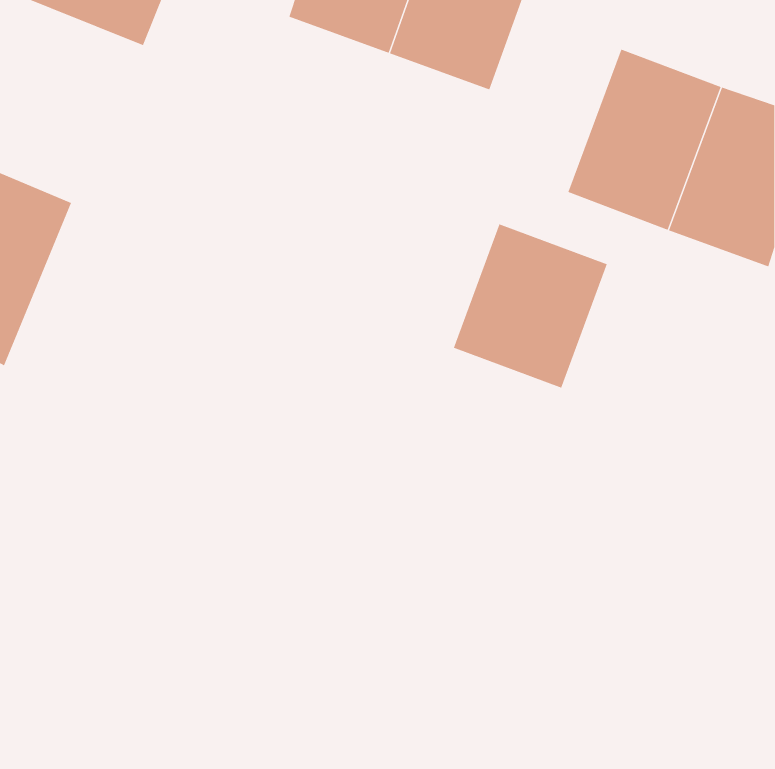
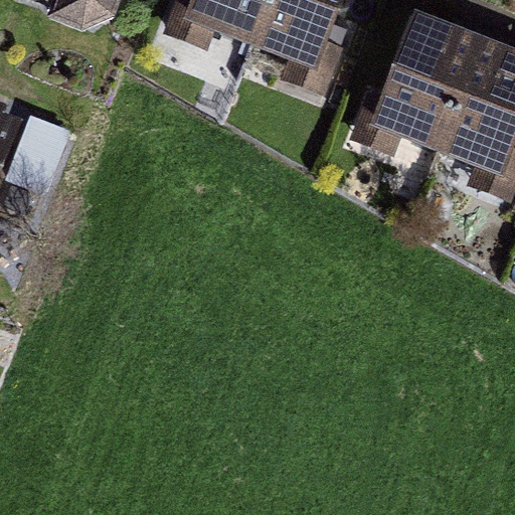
building: [453,223,607,389] -> none

